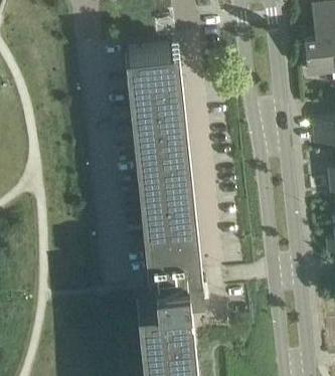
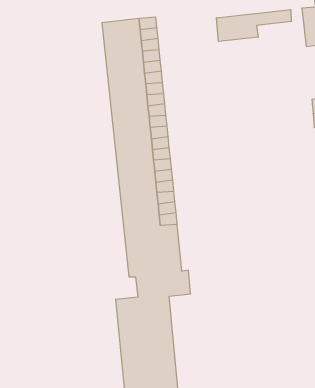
building: none -> [216,10,291,41]

